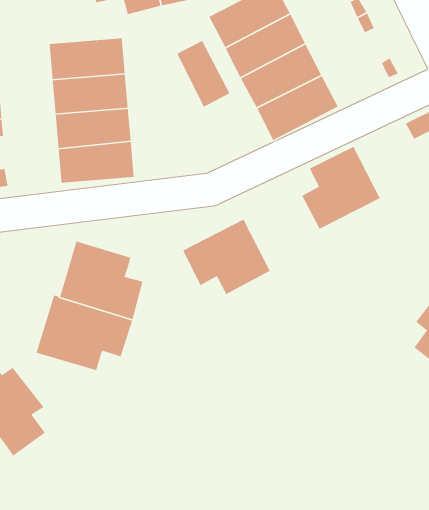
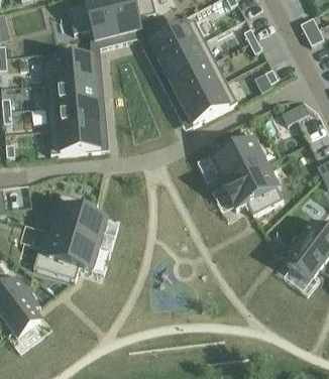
building: [176,40,231,108] -> none
building: [182,219,271,295] -> [224,163,284,215]

